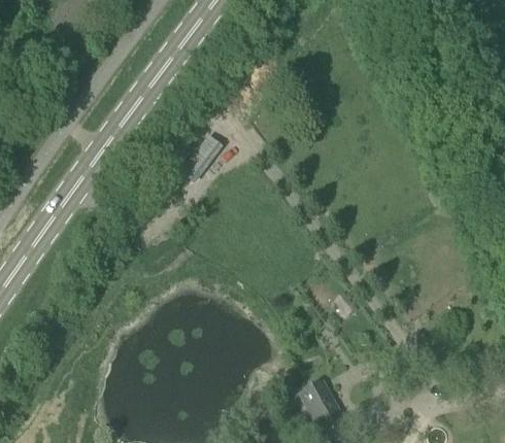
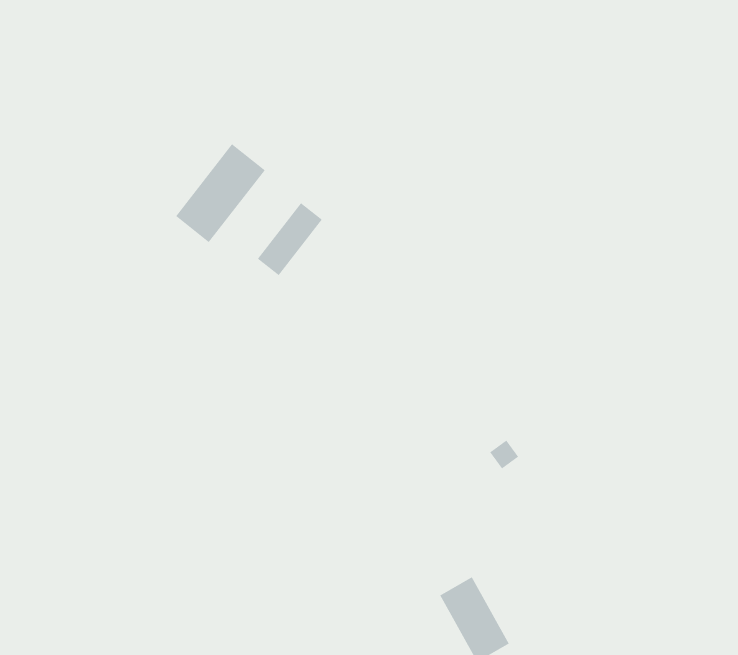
building: none -> [175,143,266,243]

